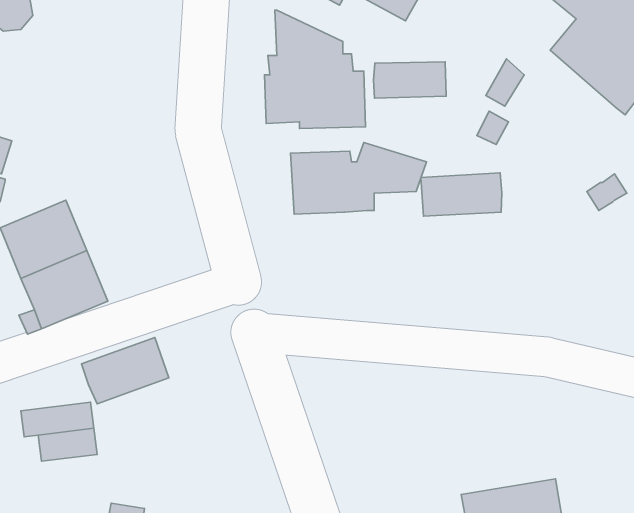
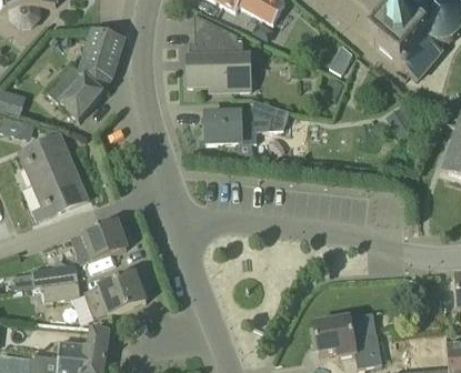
building: none -> [46,27,121,120]
building: [374,62,446,98] -> none
building: [421,173,502,216] -> none
building: none -> [82,273,146,320]

